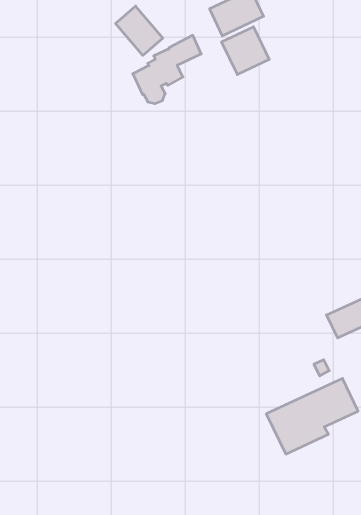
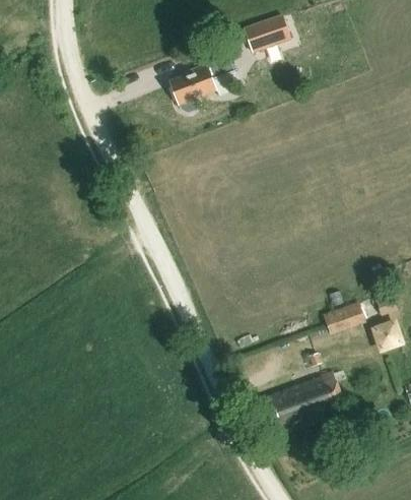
building: [116,6,163,55] -> none
building: [222,27,269,75] -> none

